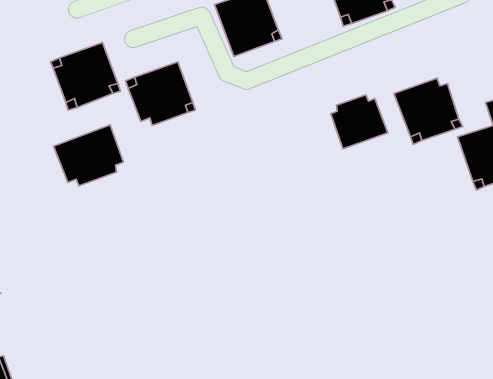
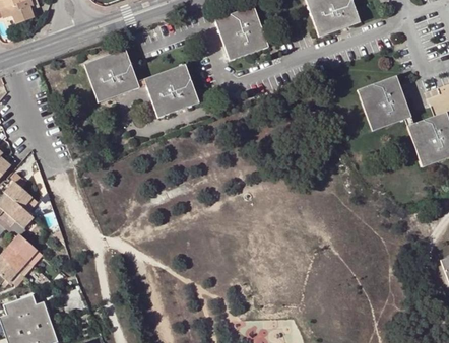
building: [331,95,388,149] -> none
building: [53,125,124,186] -> none

